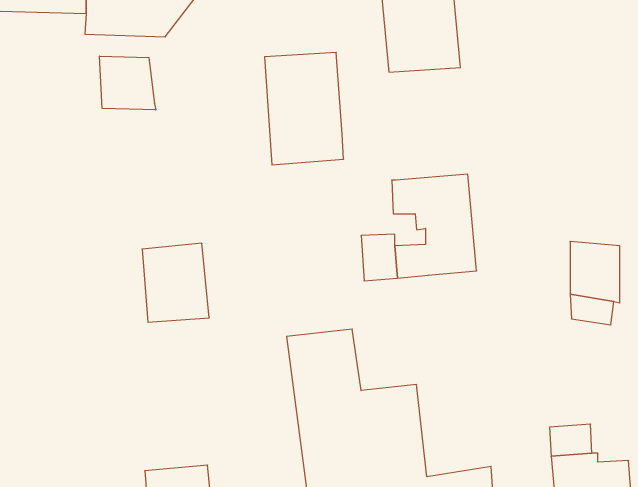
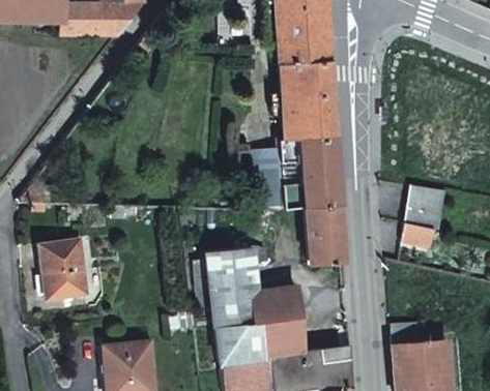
building: [265,52,344,165] -> [279,60,335,140]
building: [100,56,156,110] -> none
building: [142,243,209,322] -> [39,241,87,297]
building: none -> [307,204,345,263]

